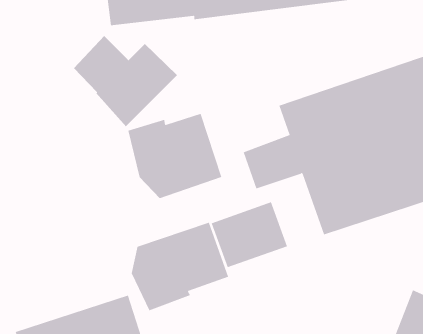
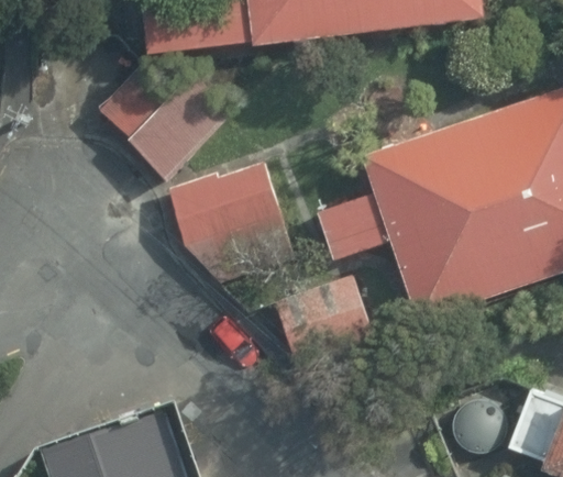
building: [131,222,229,311] -> none

